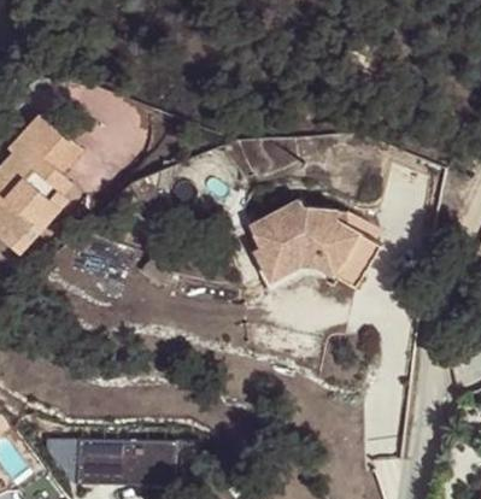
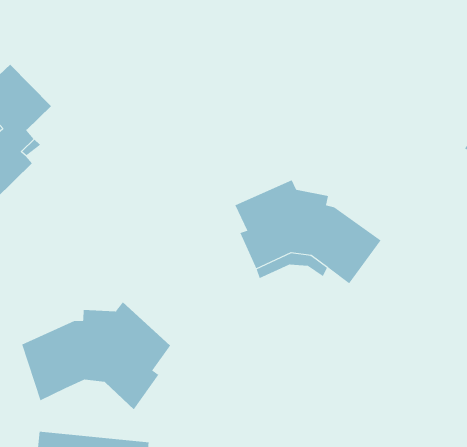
building: none -> [21,301,171,410]

